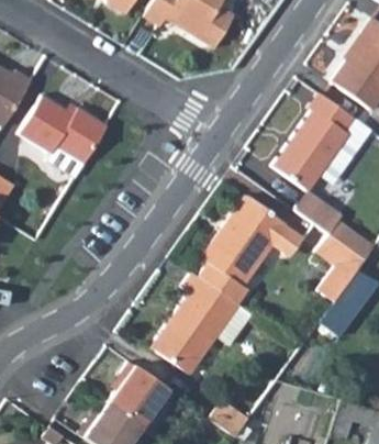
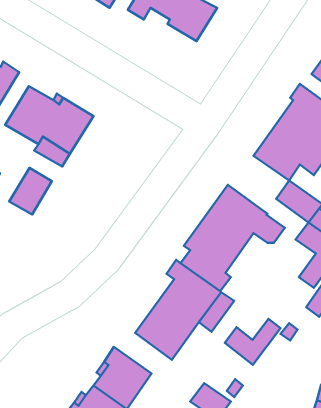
building: none -> [9,168,52,215]
building: none -> [225,319,281,365]

